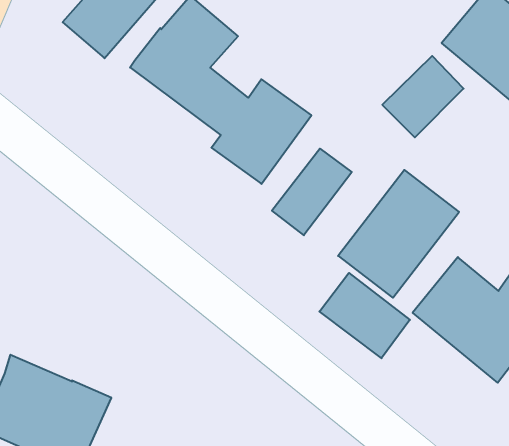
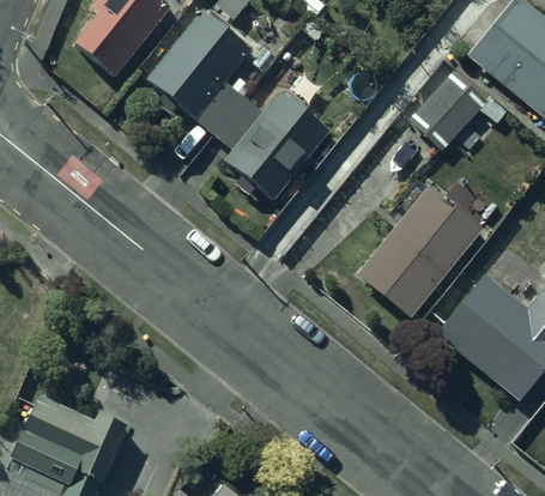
building: [272,149,352,235] -> none
building: [319,273,410,358] -> none

